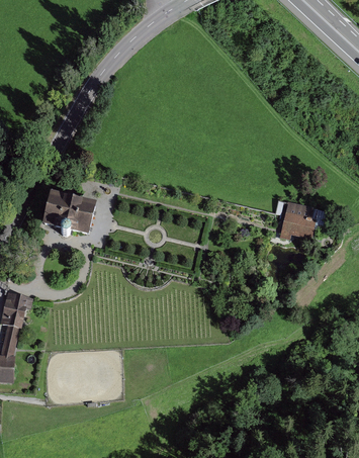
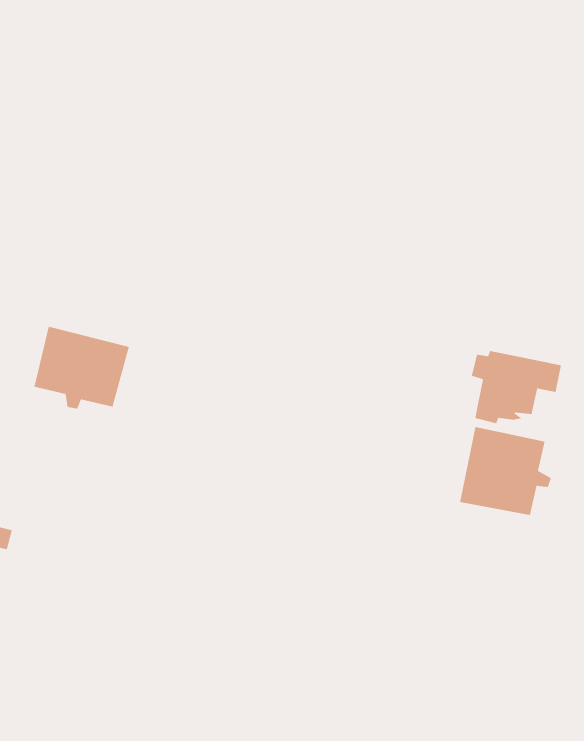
building: none -> [459,426,552,516]

